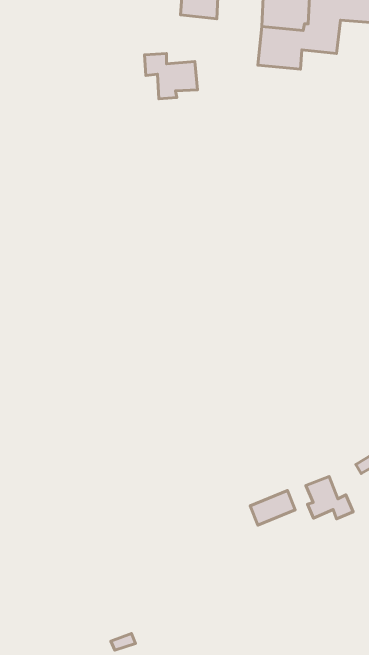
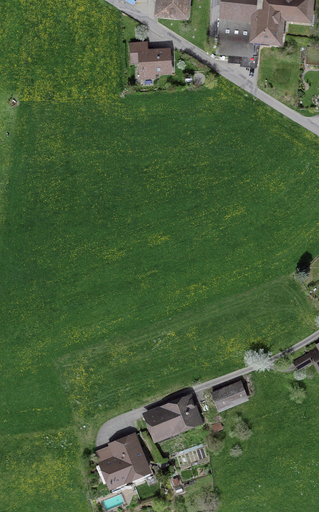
building: [306,477,353,519] -> none
building: none -> [147,396,199,437]
building: none -> [96,433,148,483]

